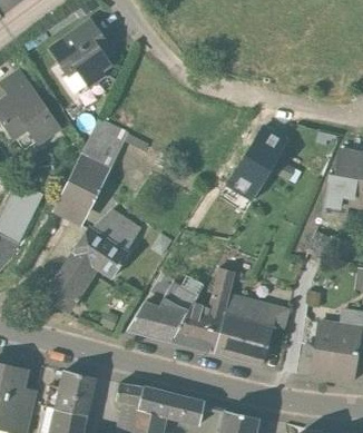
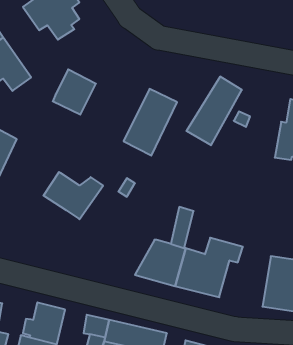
building: [53,151,111,224] -> [124,89,177,156]
building: [90,210,140,243] -> none
building: [46,254,96,309] -> none
building: [127,283,196,339] -> none

